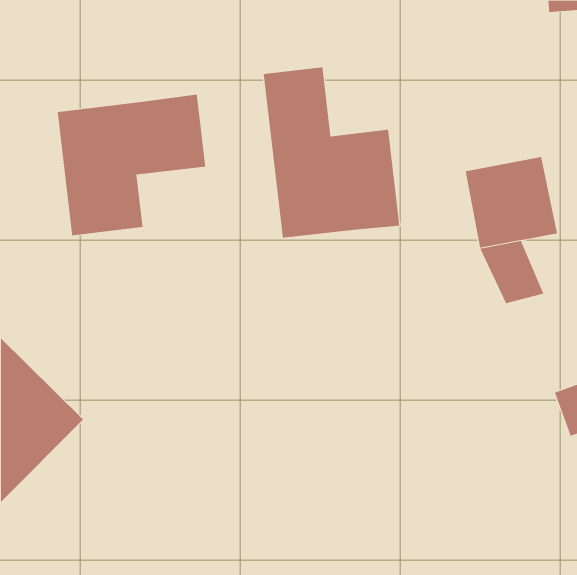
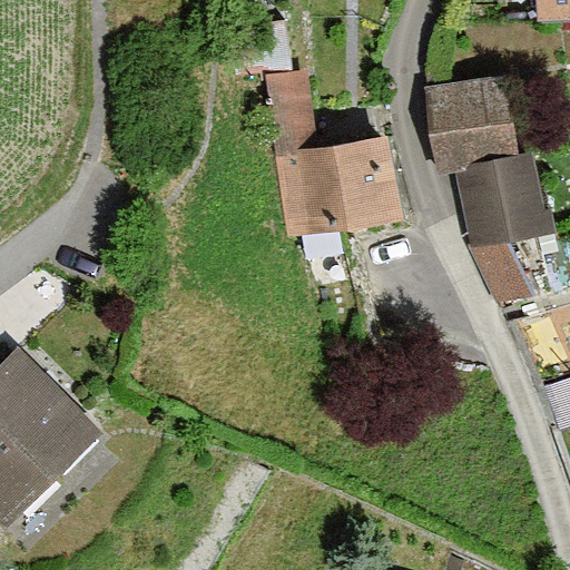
building: none -> [428,80,522,177]
building: [57,94,206,236] -> none

